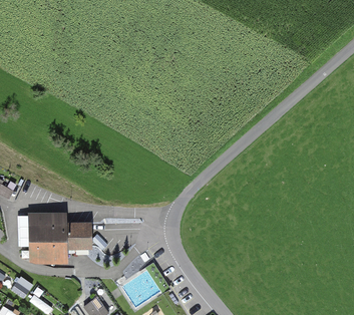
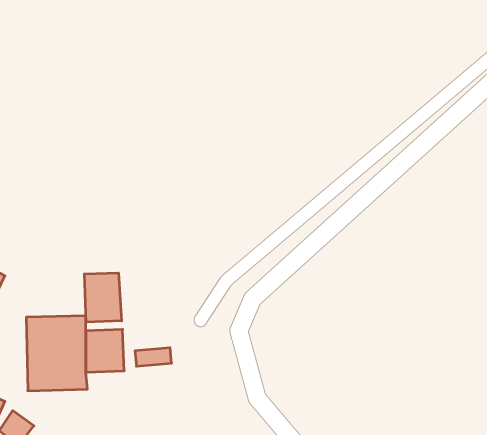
building: none -> [84,273,122,322]

